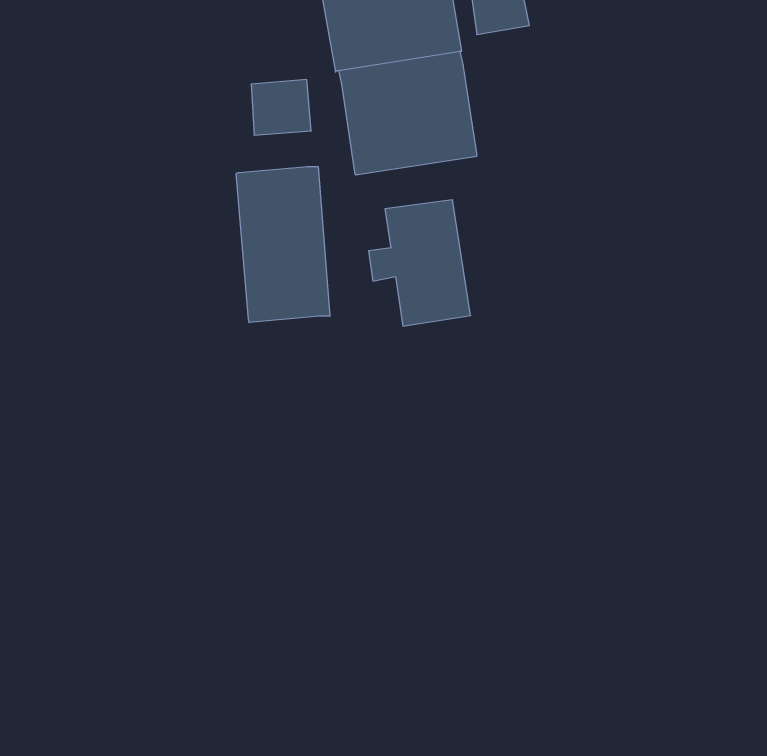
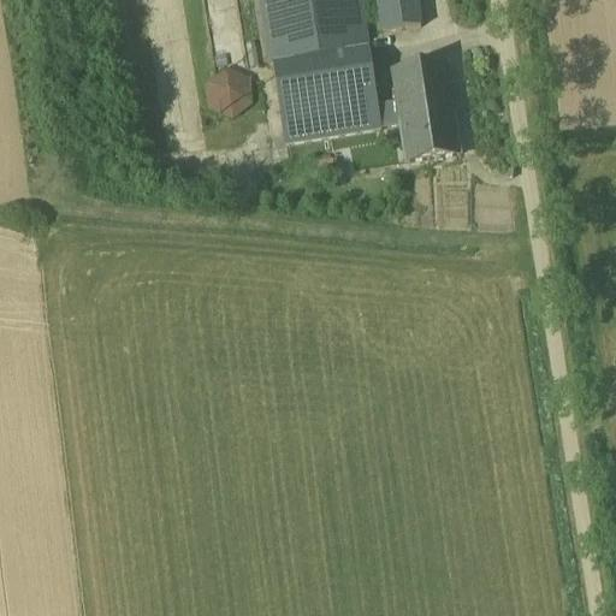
building: [236,166,330,323] -> none
building: [368,200,471,326] -> [379,58,461,159]

